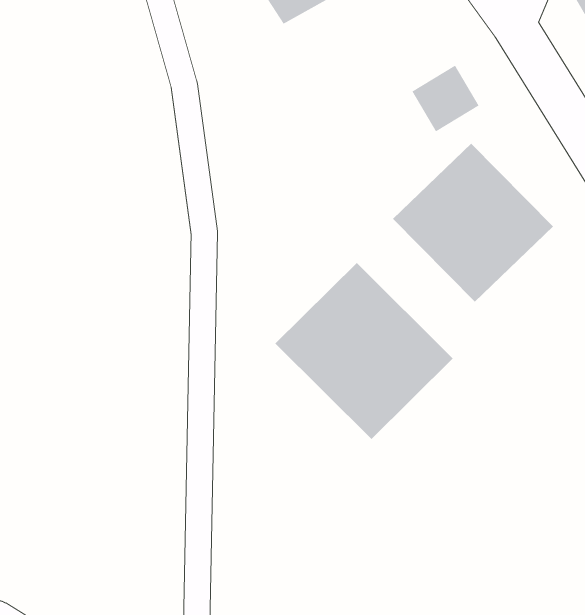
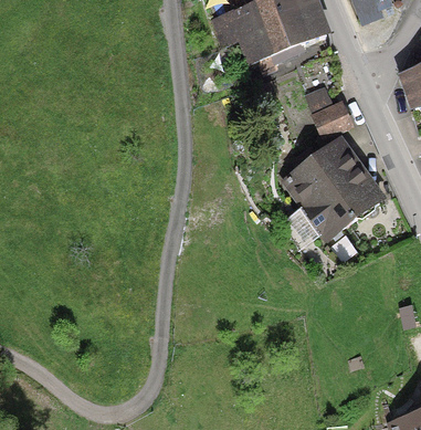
building: [275,262,454,440] -> none

